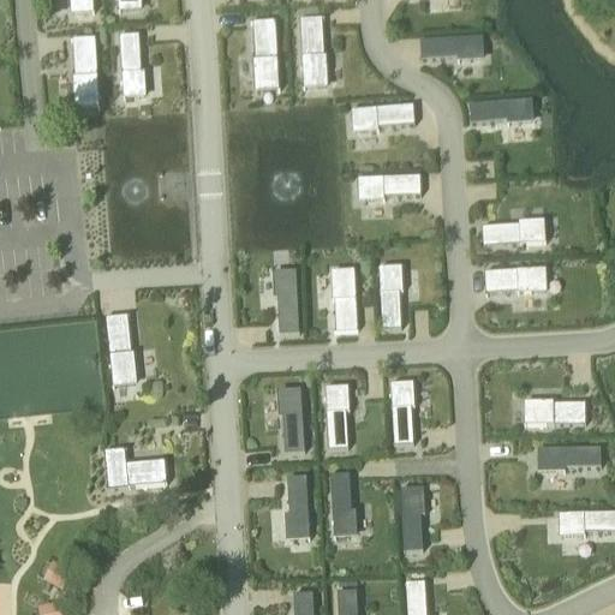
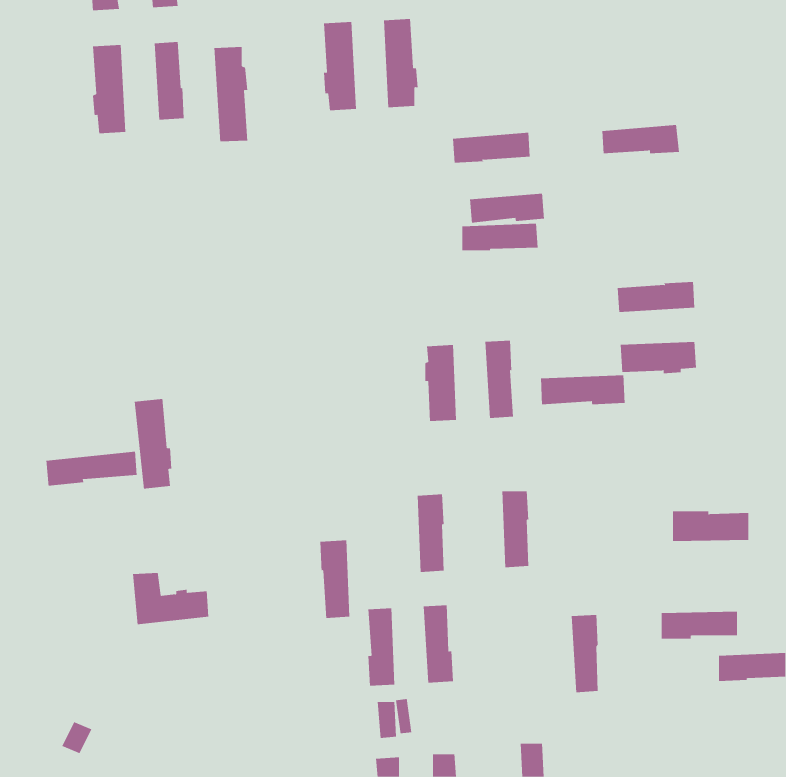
building: [420,35,480,58] -> none
building: none -> [214,46,248,142]
building: none -> [470,193,545,223]
building: [275,270,299,332] -> none
building: none -> [540,375,625,405]
building: none -> [46,451,137,486]
building: [280,389,304,450] -> [319,540,350,618]
building: [541,446,601,467] -> [661,611,738,639]
building: [400,488,422,549] -> [571,614,599,693]

